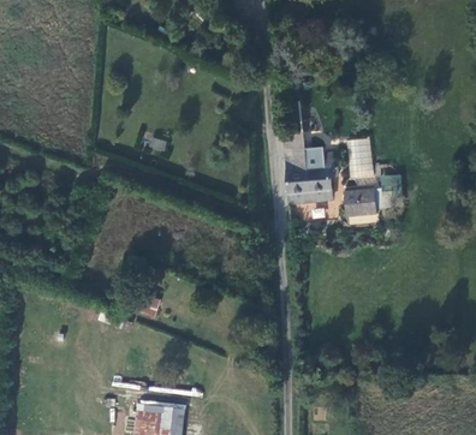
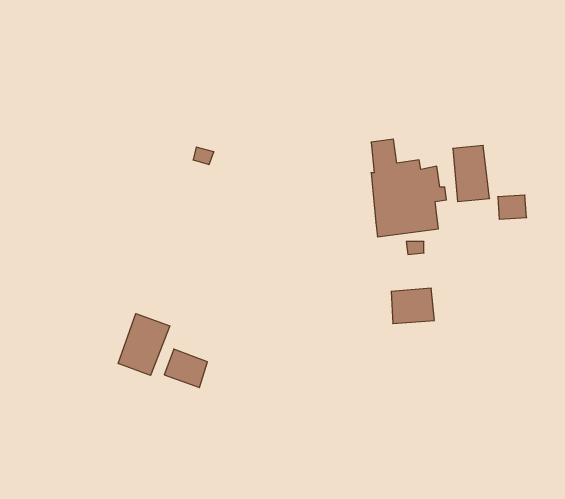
building: [345,190,377,216] -> [391,288,434,324]
building: none -> [118,314,170,375]

